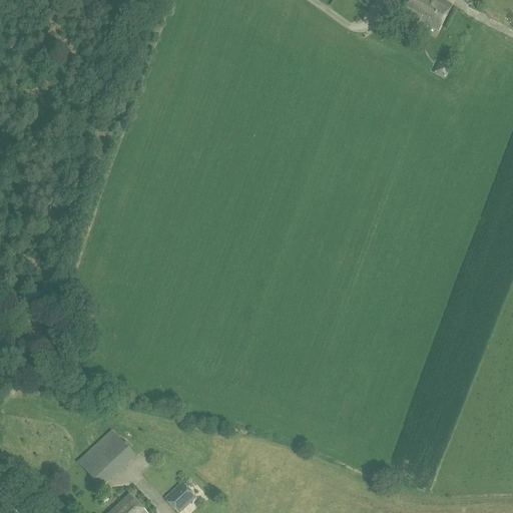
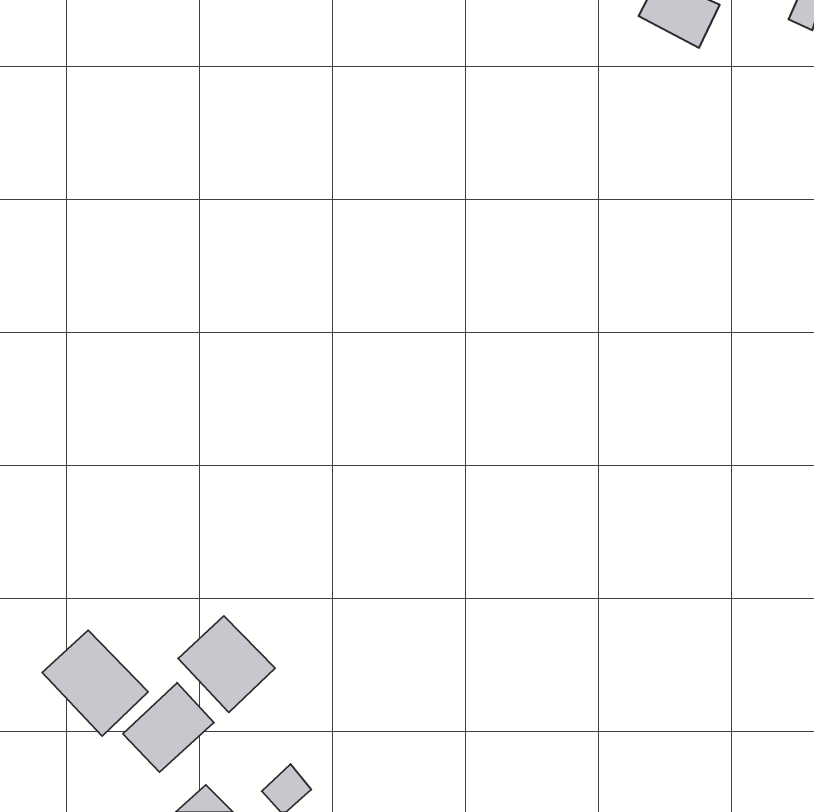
building: none -> [178,616,275,712]
building: none -> [42,630,148,736]

